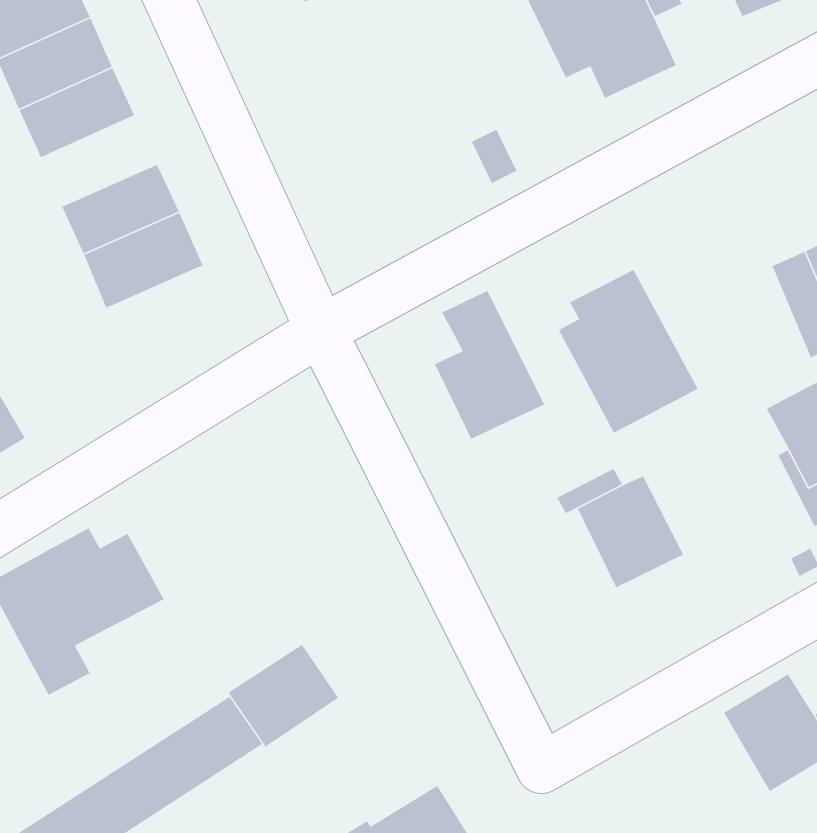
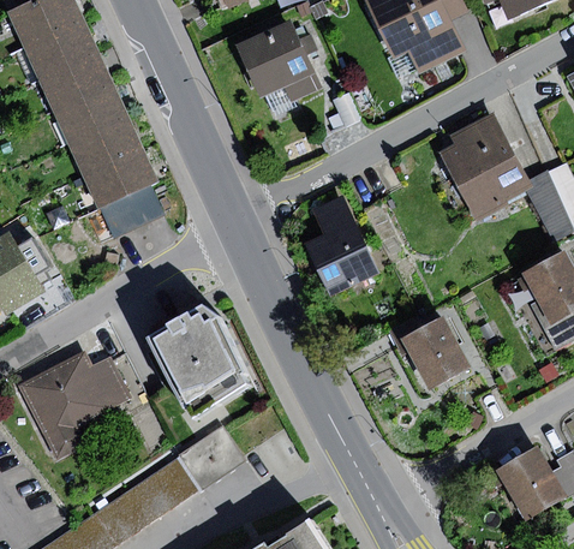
building: none -> [234,18,321,101]
building: none -> [53,83,128,142]
building: [558,269,699,434] -> [437,113,528,220]
building: none -> [98,184,163,235]
building: none -> [144,304,245,418]

